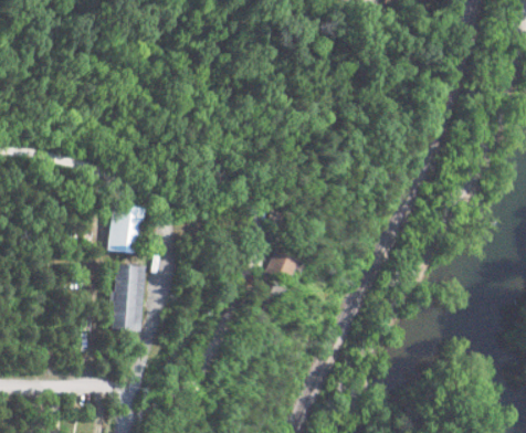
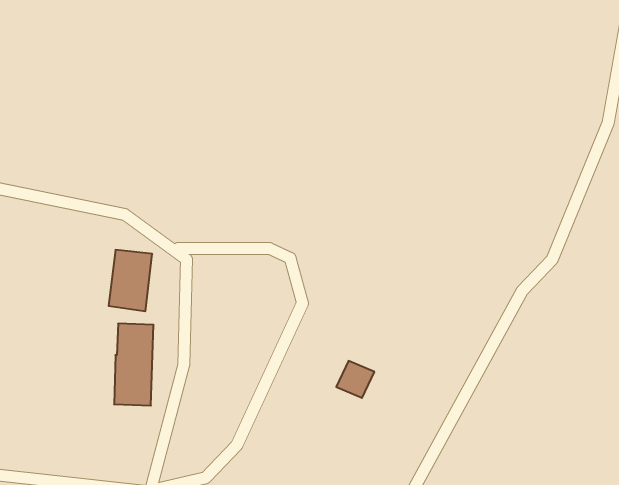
building: [264,251,295,281] -> [336,361,374,398]

